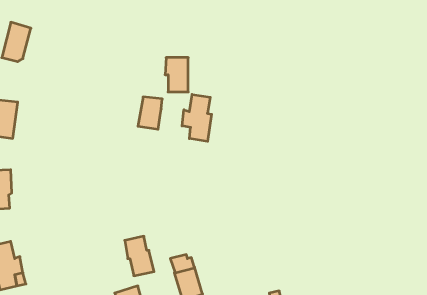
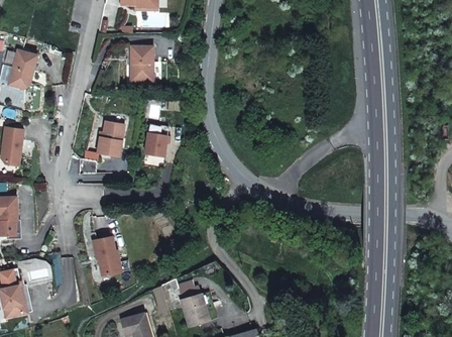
building: [165,58,188,92] -> [129,46,152,81]
building: none -> [96,121,123,156]
building: [182,94,212,141] -> none
building: [125,236,154,276] -> [92,236,121,275]

